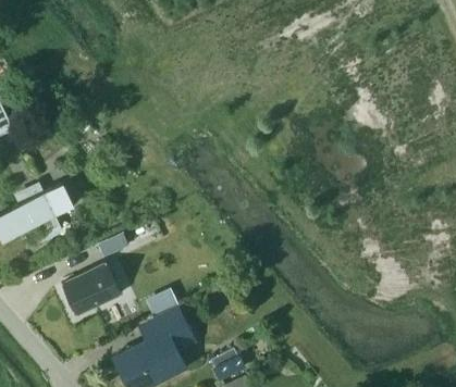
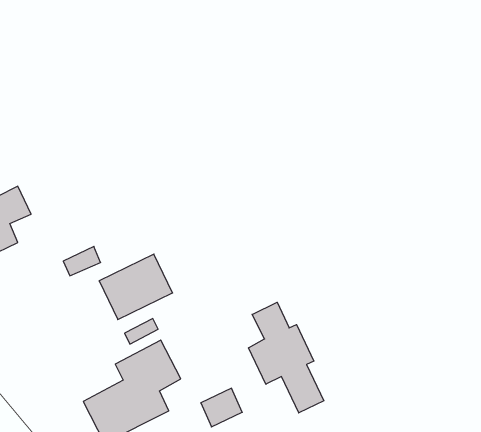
building: [61,263,121,316] -> [99,254,173,320]
building: none -> [249,302,324,413]

